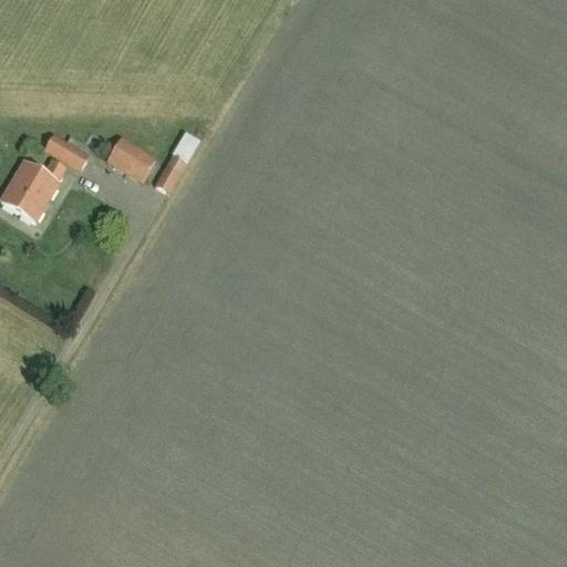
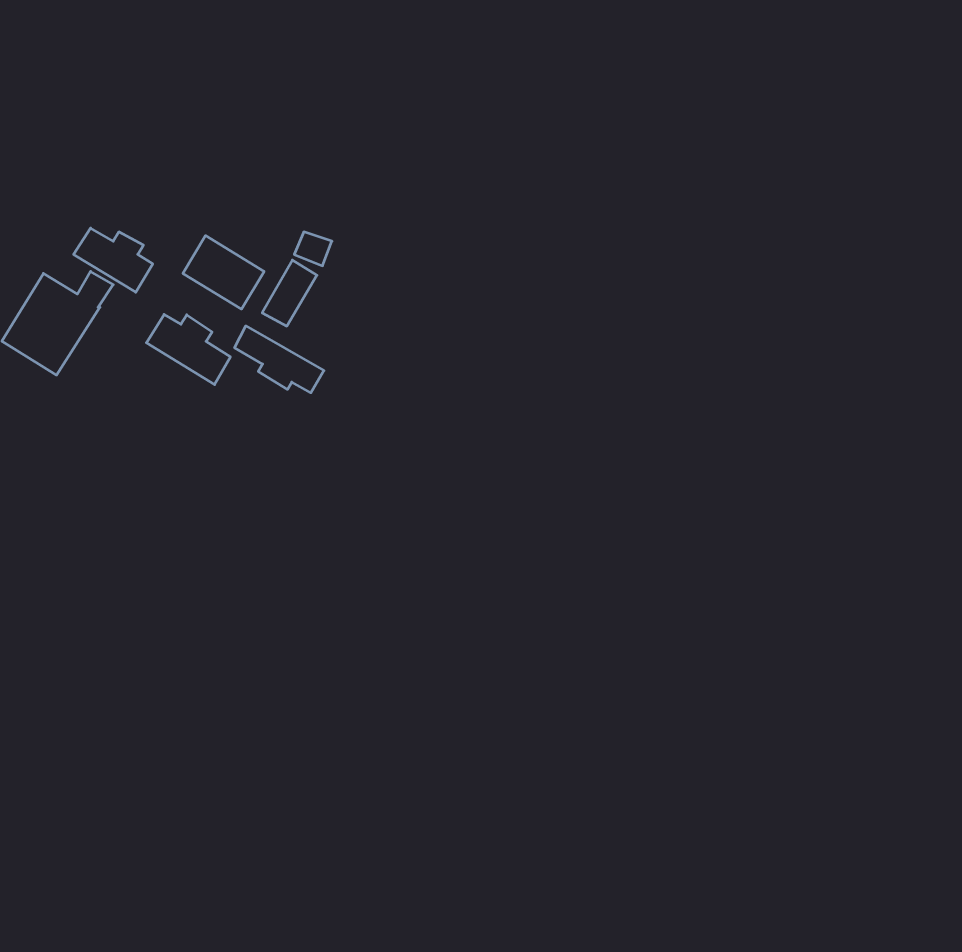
building: none -> [146,314,230,385]
building: none -> [235,326,324,393]

